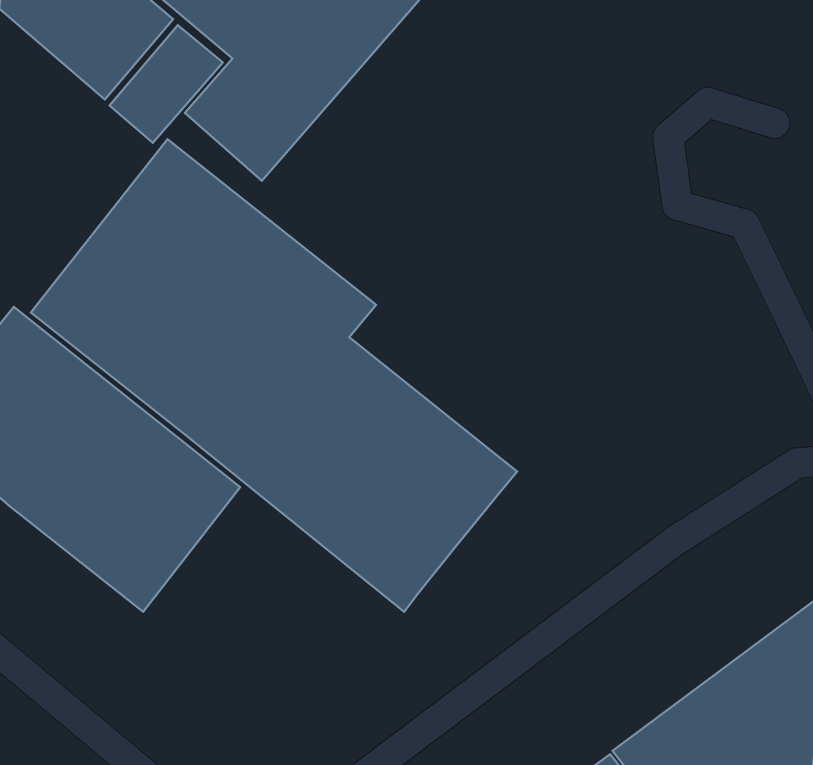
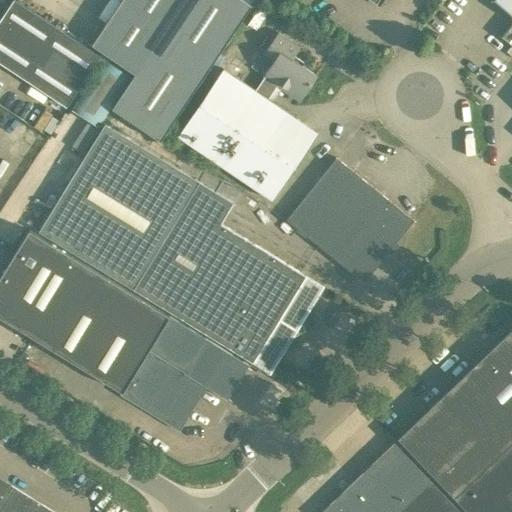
building: none -> [177,34,317,201]
building: none -> [286,159,414,284]
building: none -> [123,316,249,427]

